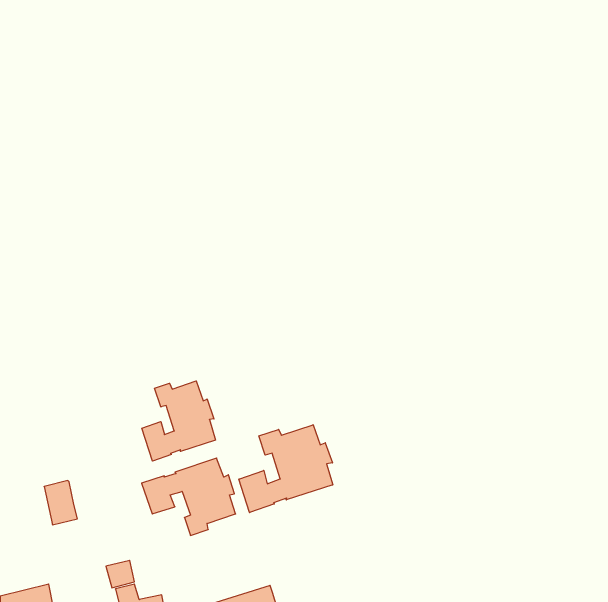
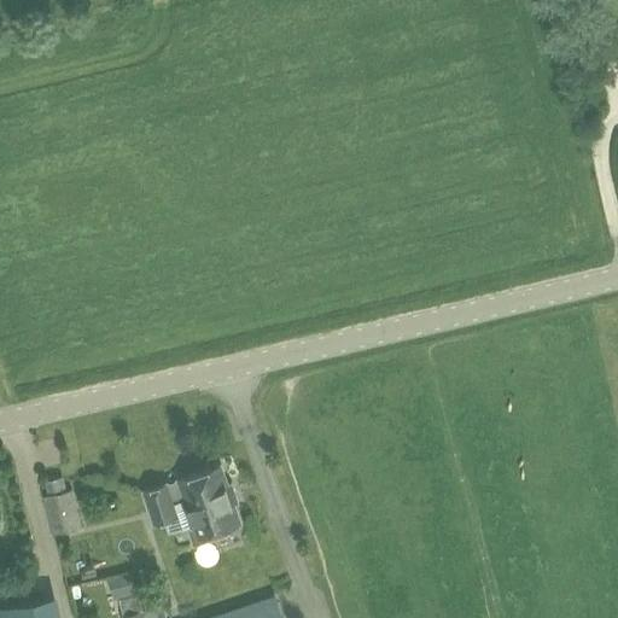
building: [142,381,216,461] -> none
building: [239,425,333,513] -> none

